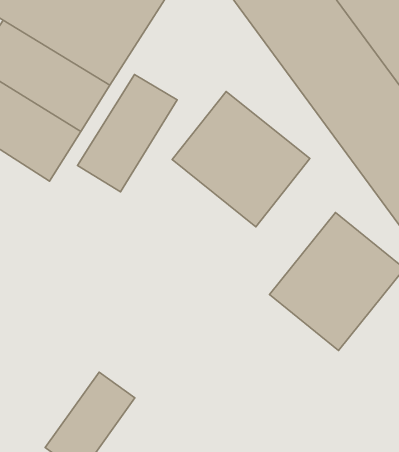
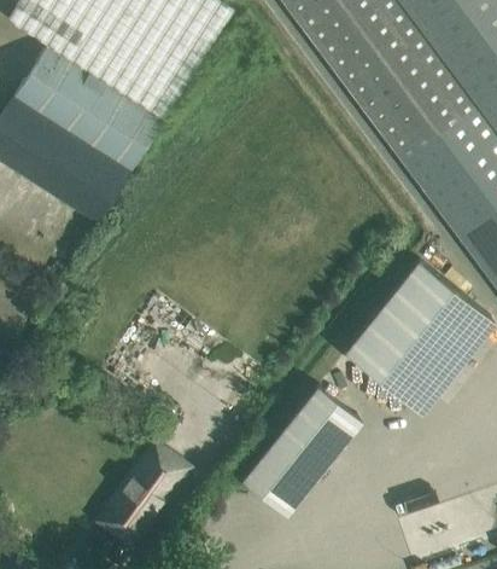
building: [77,75,177,192] -> none
building: [172,91,310,227] -> none
building: none -> [242,383,364,515]

